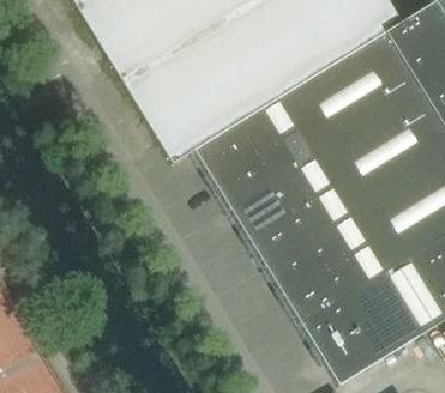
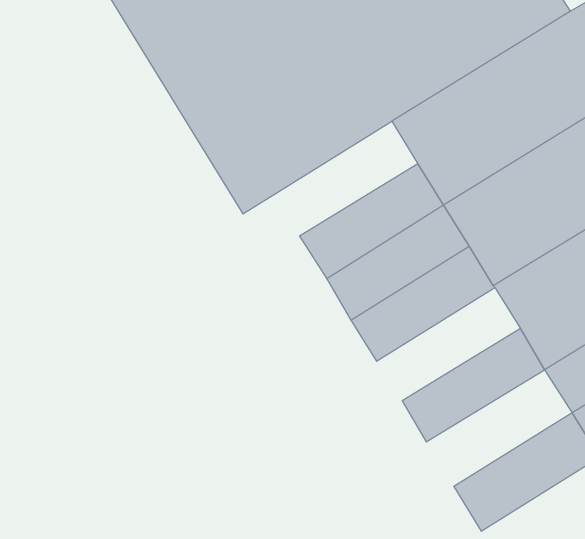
building: [196,98,296,179] -> none
building: [267,214,368,294] -> none
building: [302,272,404,353] -> none

